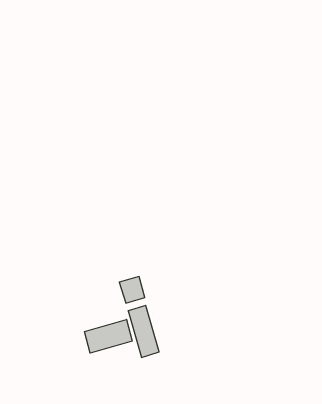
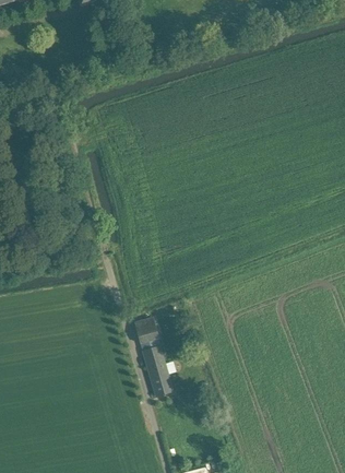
building: [84,319,132,353] -> none

